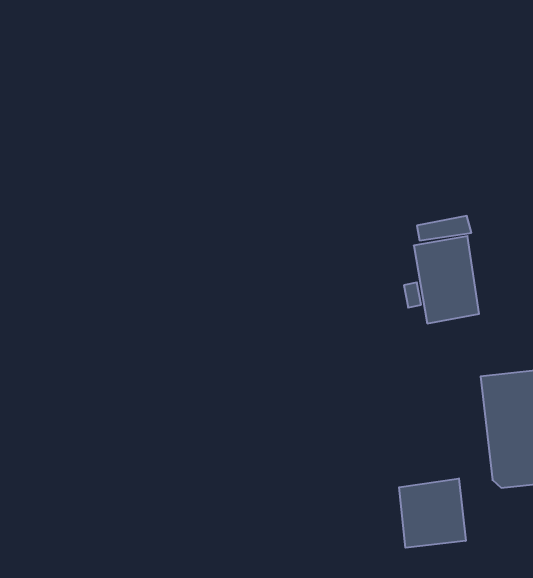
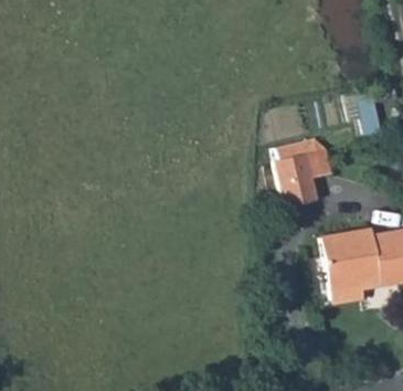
building: [399,478,466,548] -> none

